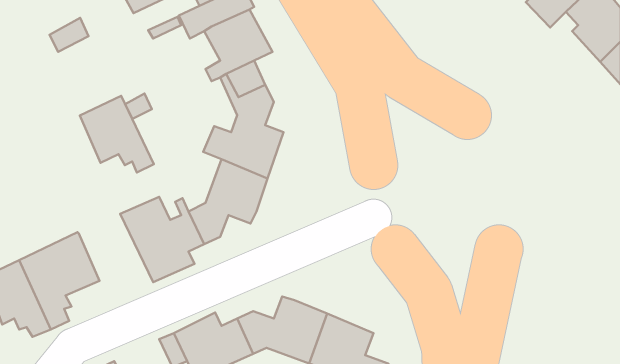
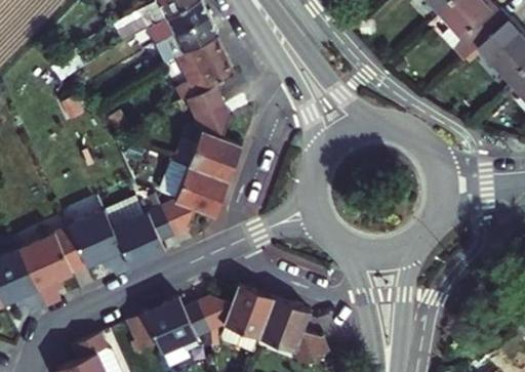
building: [80,96,154,173] -> [67,211,129,276]

